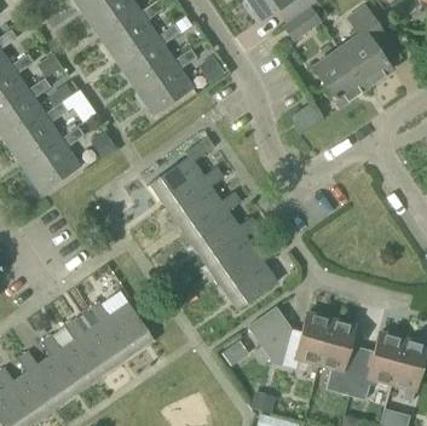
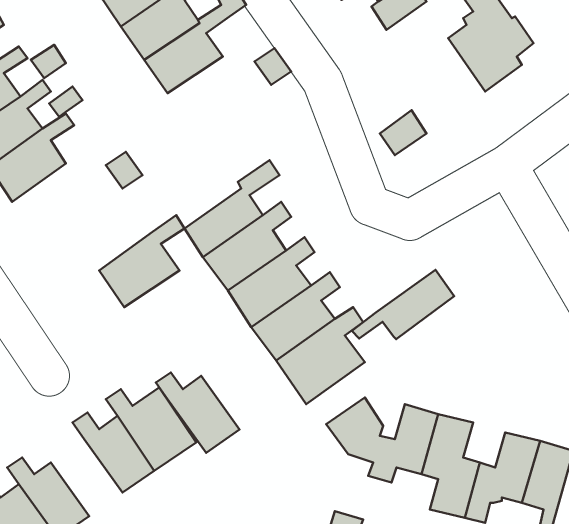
building: [311,47,364,104] -> none
building: [134,48,196,114] -> none
building: [22,126,83,192] -> [99,215,184,307]
building: none -> [352,270,454,339]
building: [41,335,102,393] -> [156,373,239,453]

